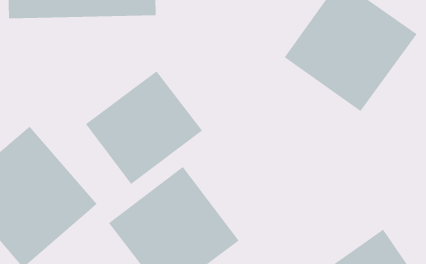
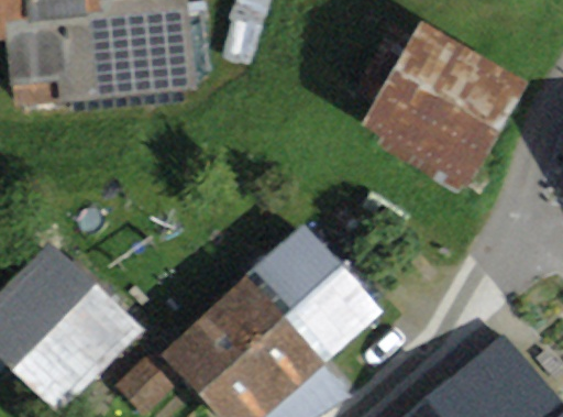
building: [85,71,203,185] -> none
building: none -> [247,223,382,360]

